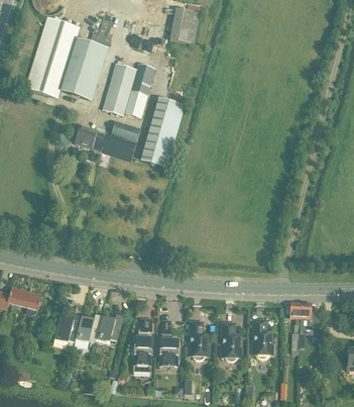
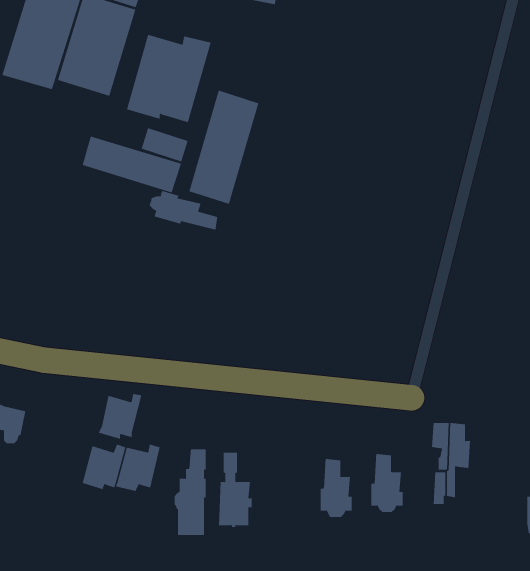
building: none -> [149,190,218,231]
building: [53,314,81,342] -> [98,394,142,439]
building: [189,322,209,359] -> none

